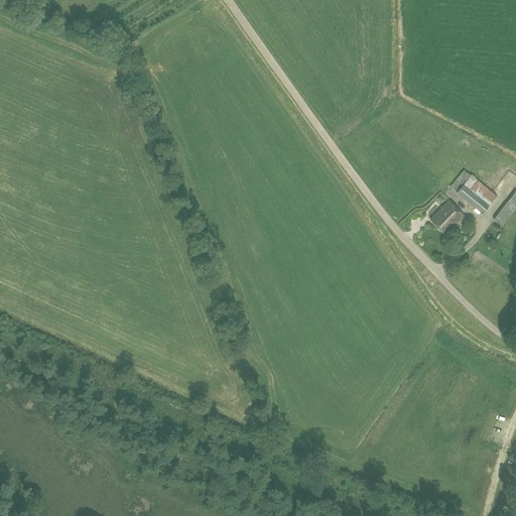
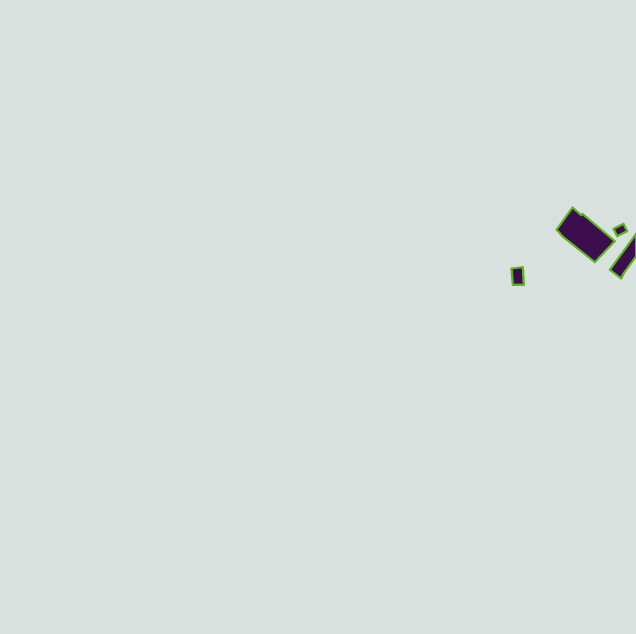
building: [430,201,465,236] -> none

